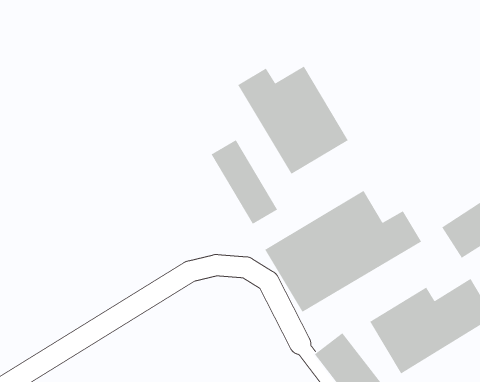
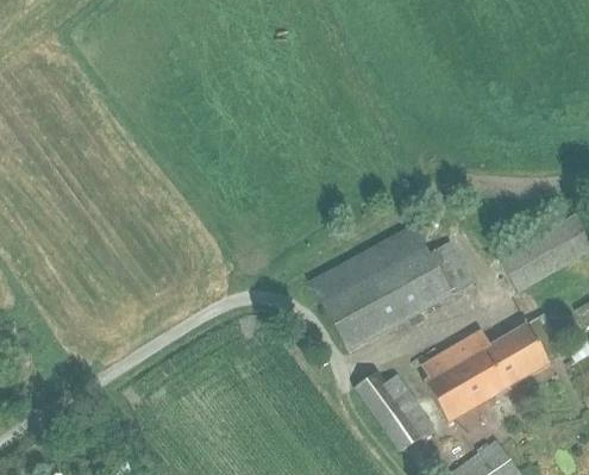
building: [237,66,349,175] -> none
building: [211,139,278,225] -> none

